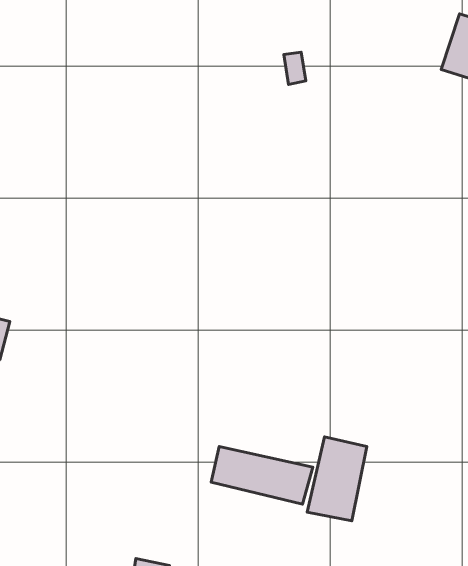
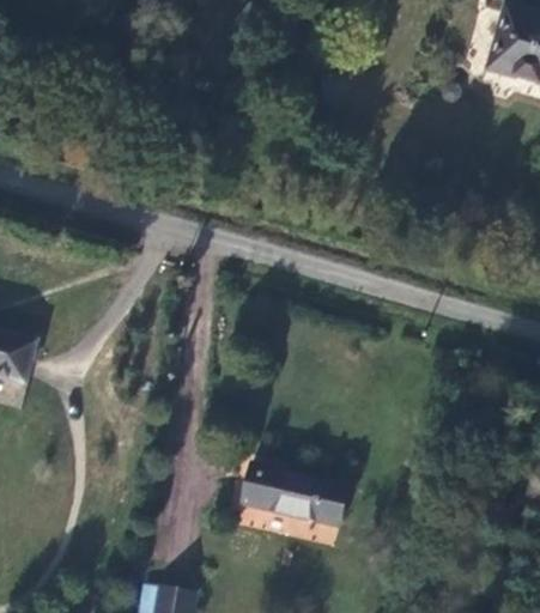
building: [307,437,367,521] -> none

